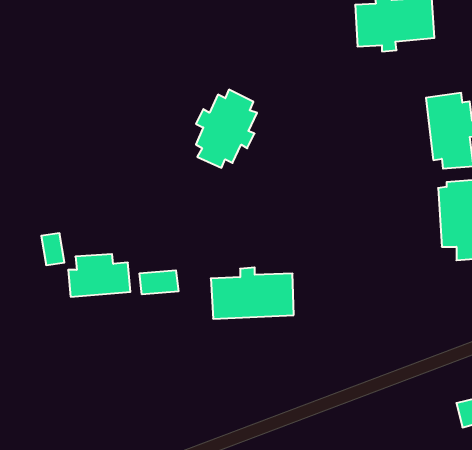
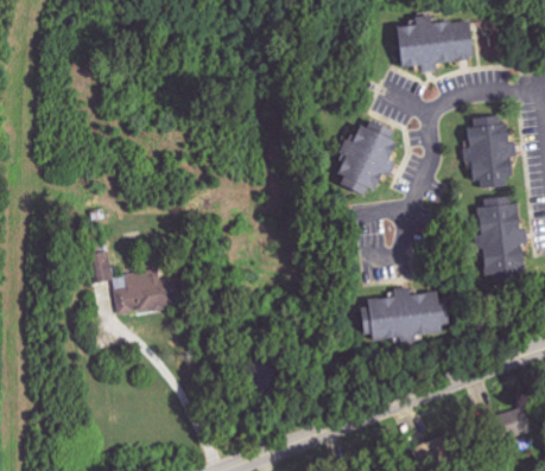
building: [196,90,257,168] -> [335,120,394,196]
building: [211,267,294,319] -> [366,287,446,337]
building: [140,270,178,294] -> none

